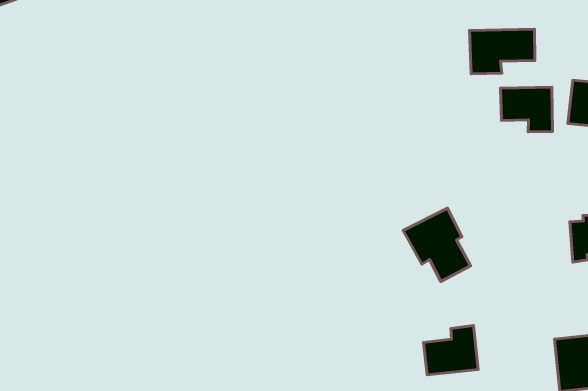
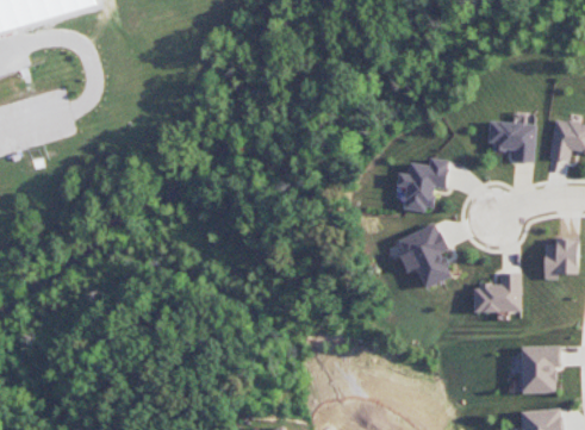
building: [470,29,535,74] -> none
building: none -> [396,158,449,212]
building: [423,325,478,375] -> [473,273,519,313]

